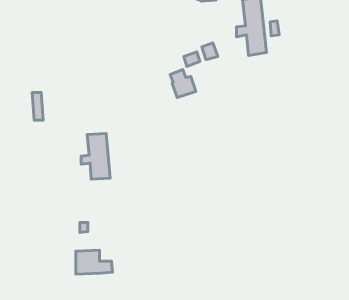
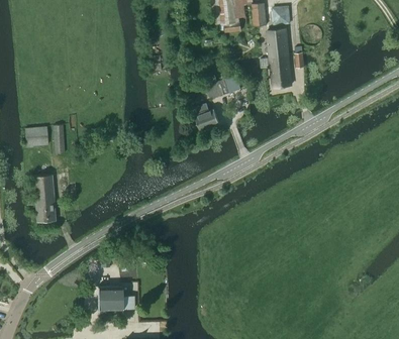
building: none -> [24,127,47,147]
building: [81,133,110,179] -> [26,175,56,221]

